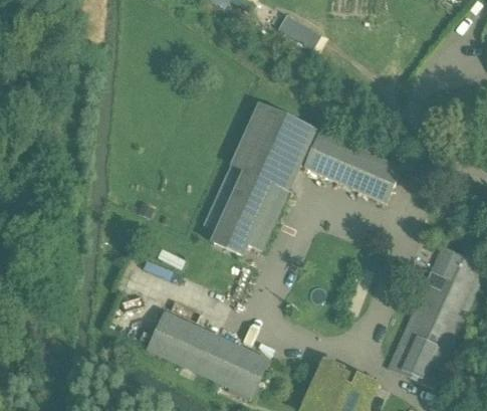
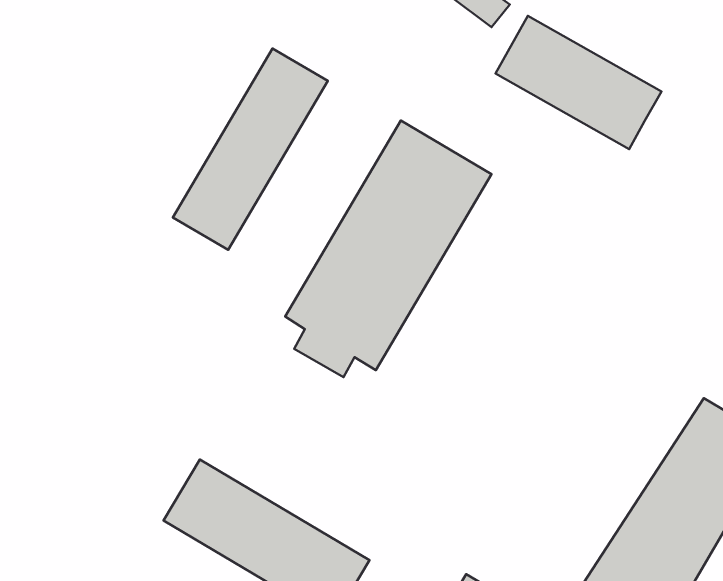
building: none -> [173,49,328,250]
building: [303,131,400,201] -> [495,16,662,149]

